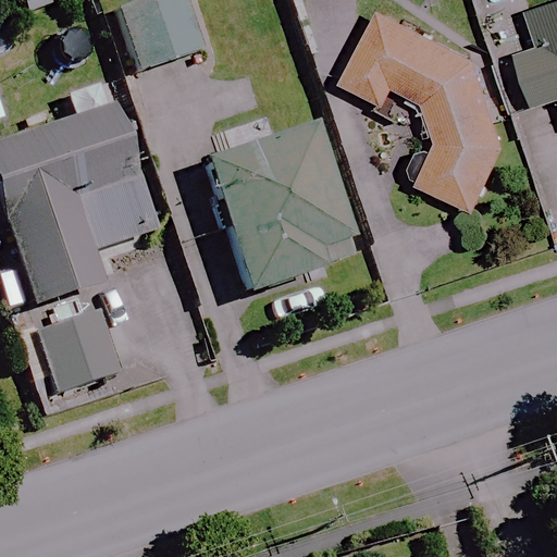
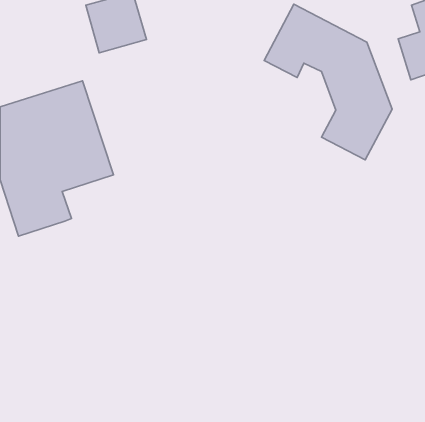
building: [201,133,359,292] -> none
building: [24,302,119,396] -> none

